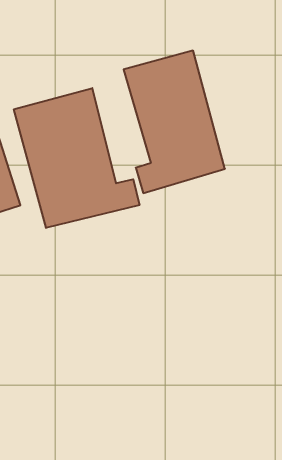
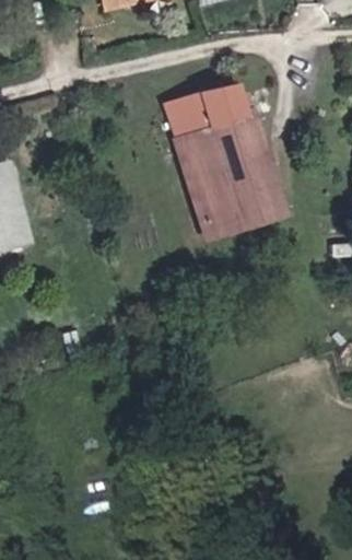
building: [14,88,139,228] -> none

